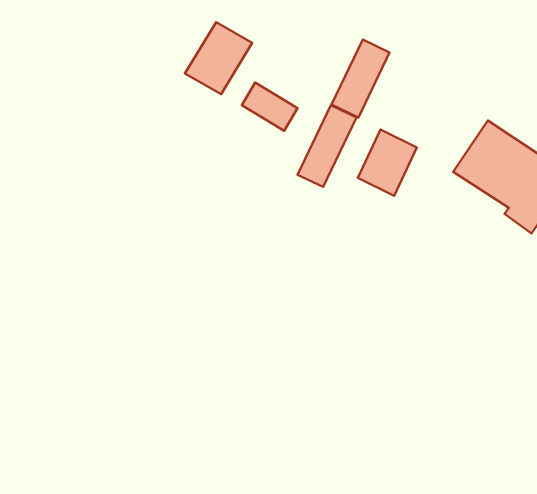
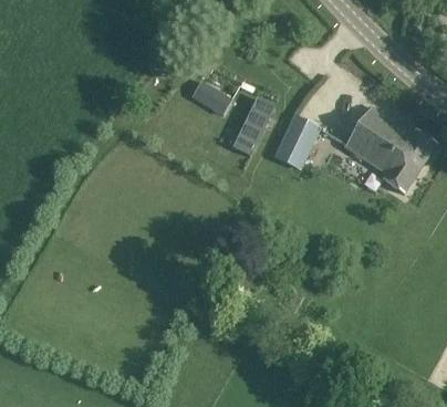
building: [185,22,252,94] -> none
building: [332,40,389,118] -> none

